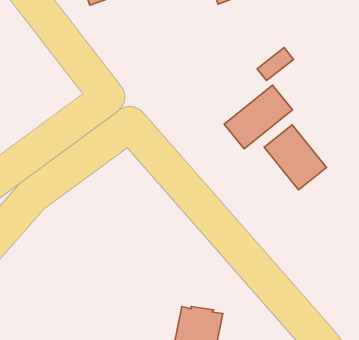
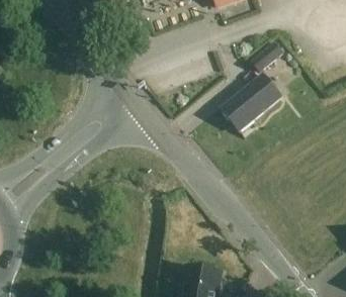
building: [264,125,327,190] -> none

